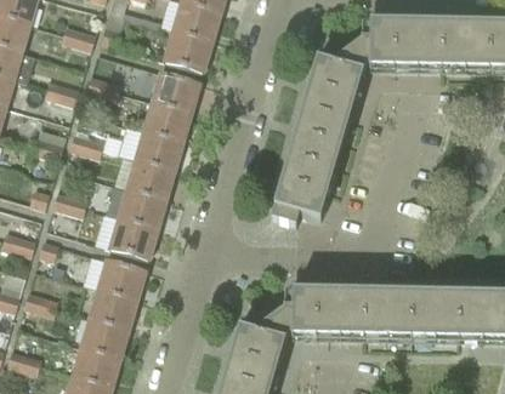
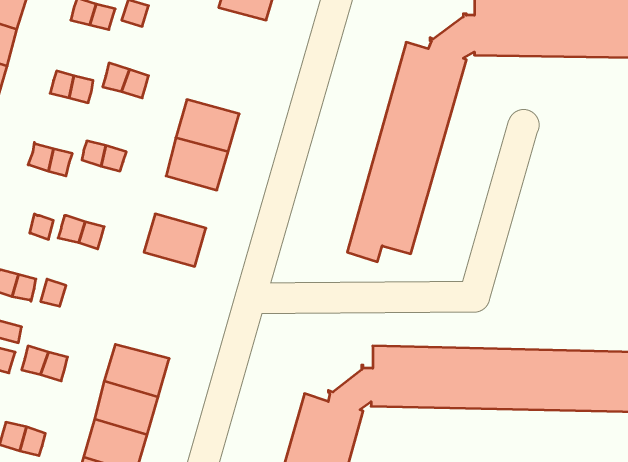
building: [166,28,211,68] -> none
building: [151,69,199,109] -> none
building: [126,156,174,196] -> none
building: [109,215,157,255] -> none
building: [96,255,146,296] -> none

